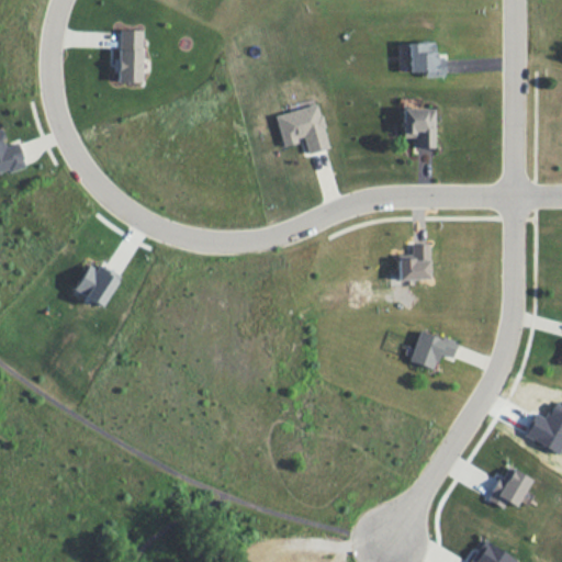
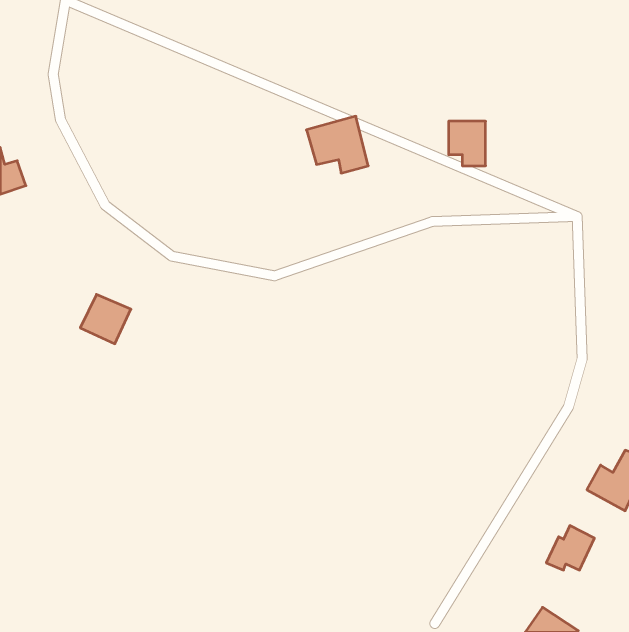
building: [117,29,143,82] -> none
building: [407,42,443,77] -> none
building: [397,244,429,280] -> none
building: [409,329,458,369] -> none

